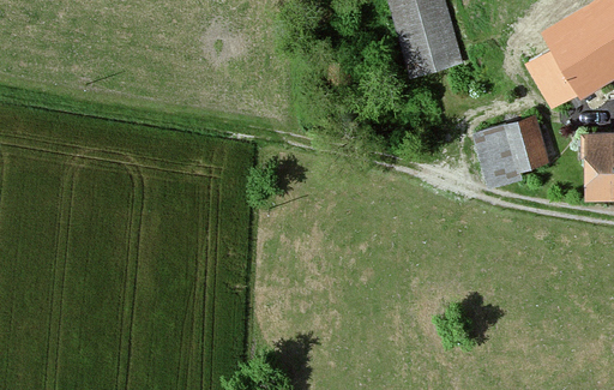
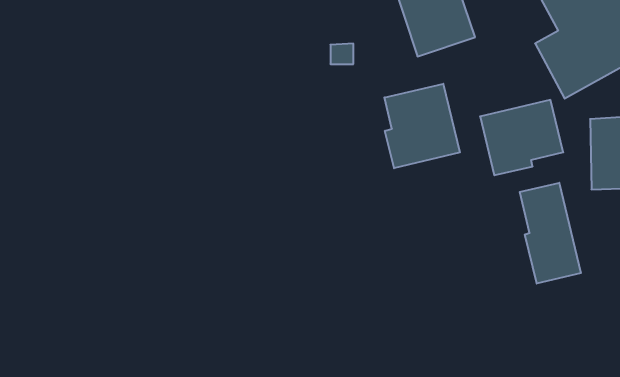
building: none -> [384,84,460,168]
building: none -> [520,183,581,284]

